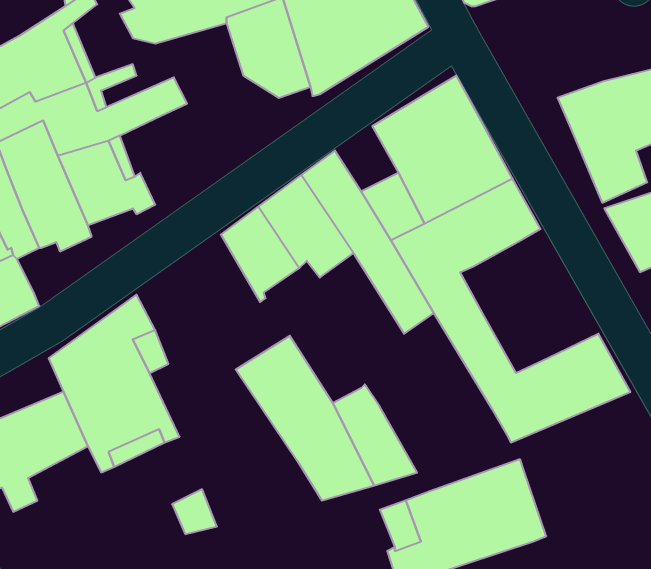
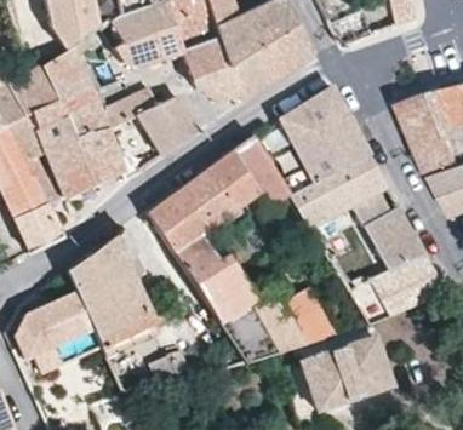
building: none -> [136,96,196,155]
building: none -> [145,190,223,277]
building: none -> [353,193,423,270]
building: none -> [281,287,336,344]

